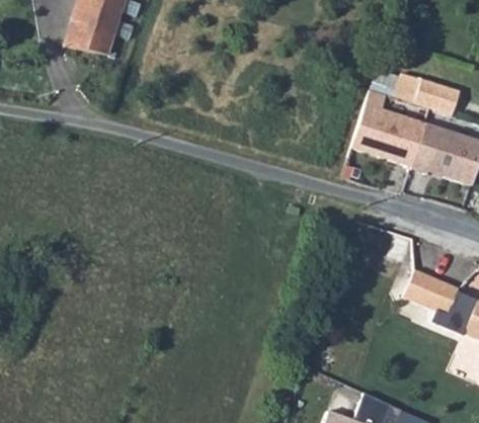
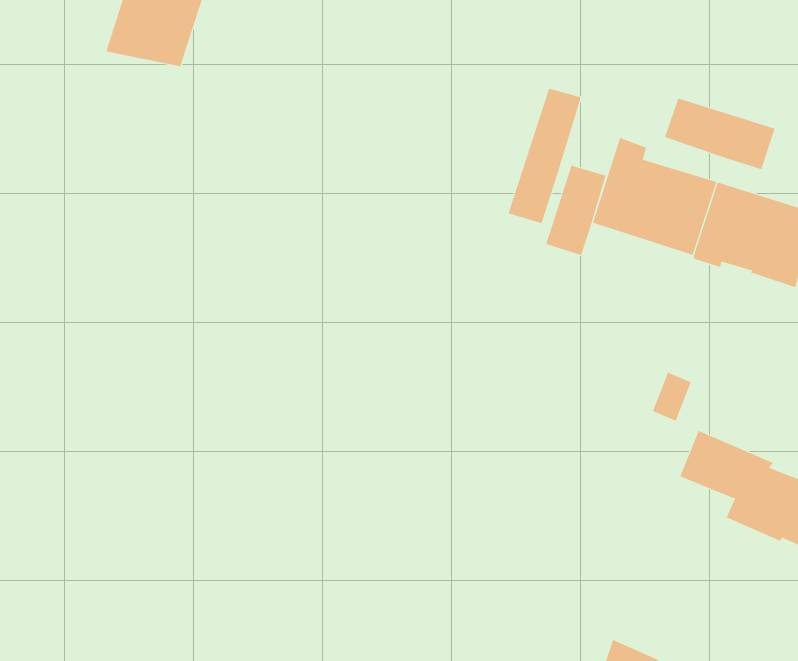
building: none -> [508,88,581,224]
building: none -> [545,165,606,256]

